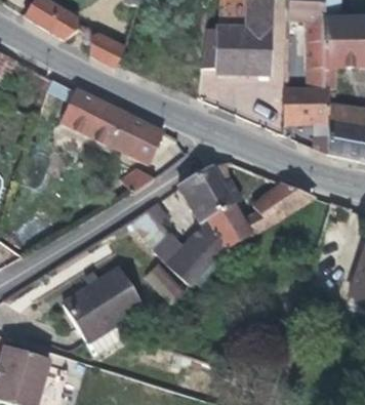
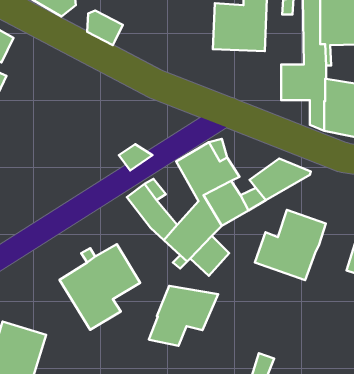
building: [60,87,164,162] -> none
building: none -> [255,210,326,280]
building: none -> [149,286,218,346]

